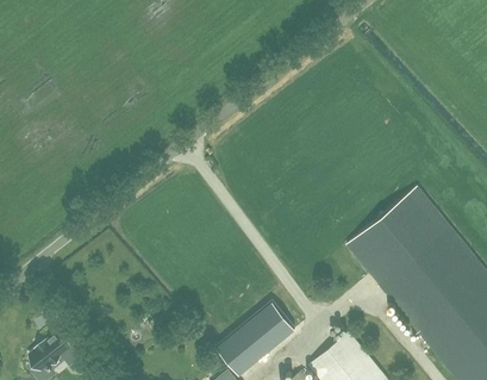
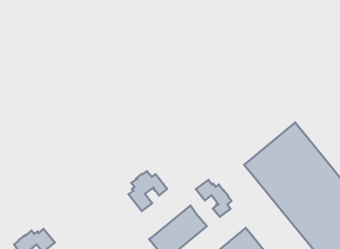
building: none -> [129,171,167,211]
building: none -> [196,180,231,217]

